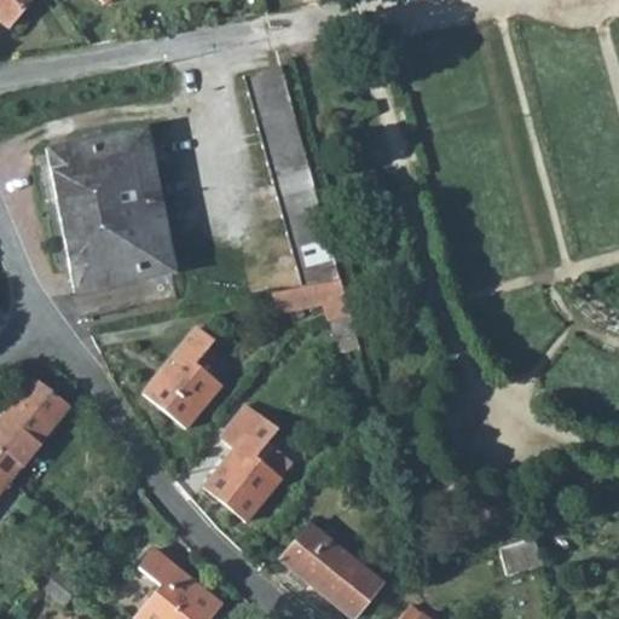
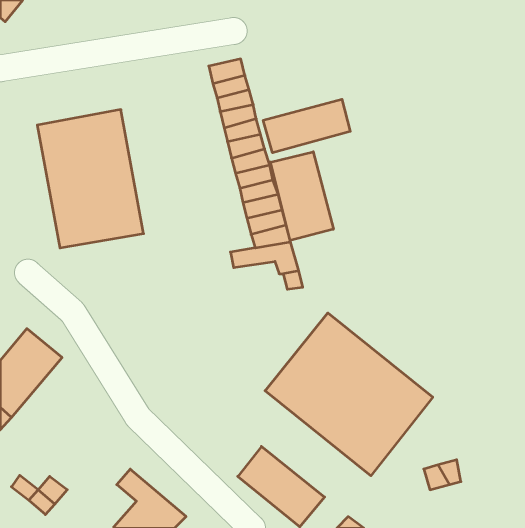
building: none -> [263,99,350,153]
building: none -> [270,152,333,241]
building: [144,326,218,424] -> none
building: none -> [265,313,433,476]
building: [208,403,295,520] -> none

